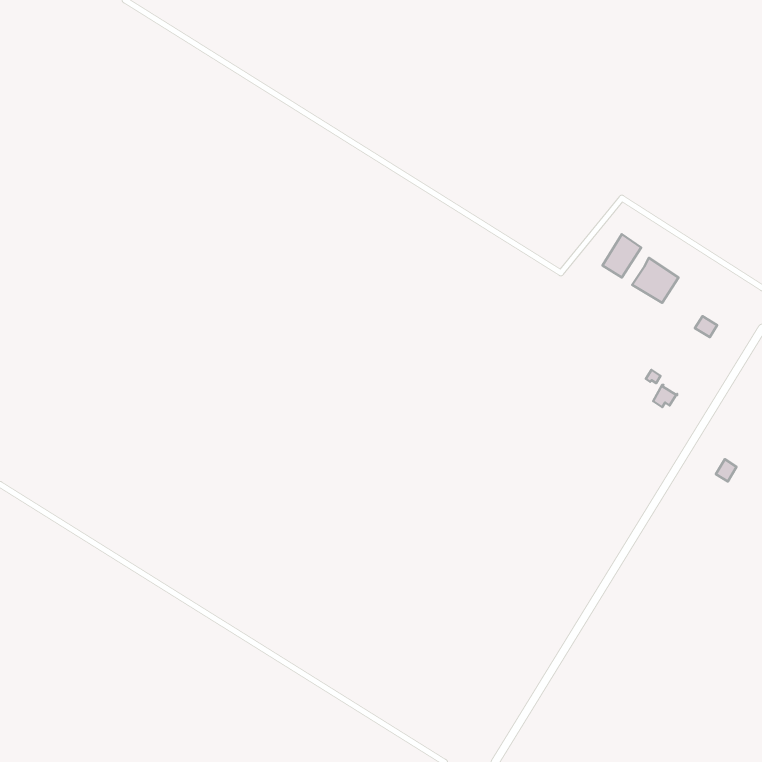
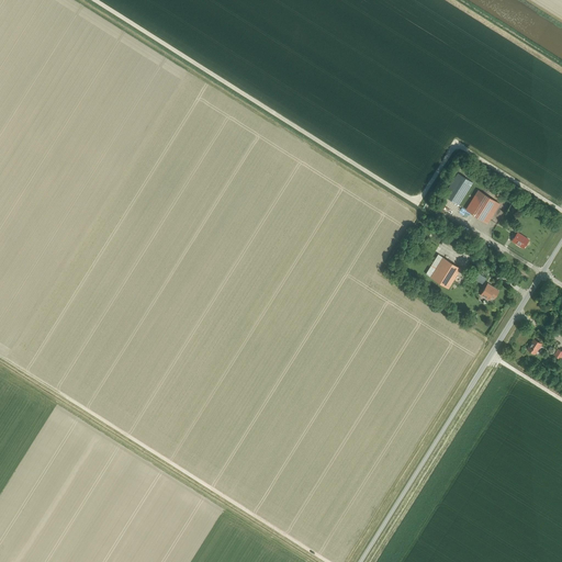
building: none -> [426,255,460,289]

